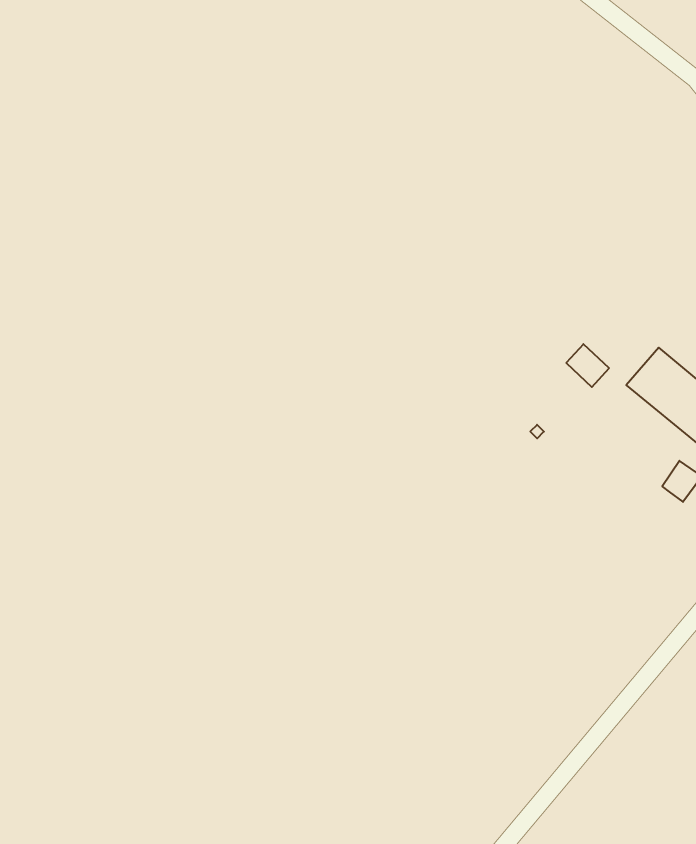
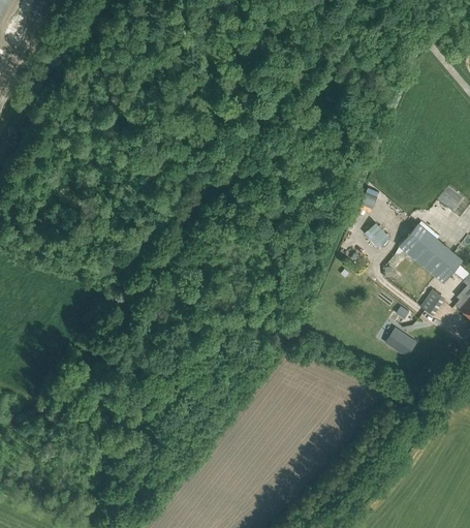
building: none -> [386,329,415,356]

